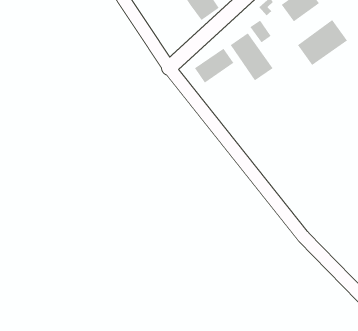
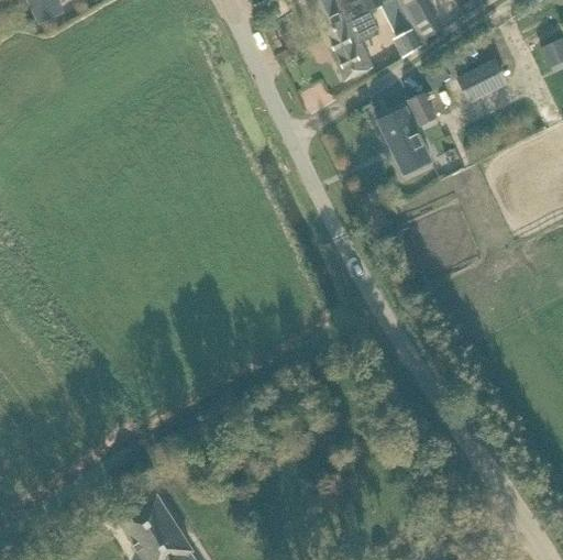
building: [297,19,348,66] -> none
building: [194,48,234,83] -> none

